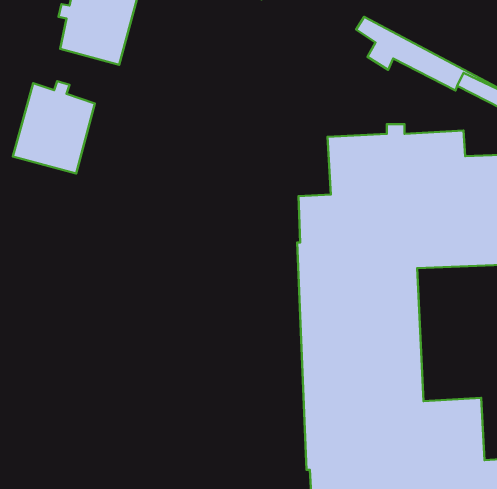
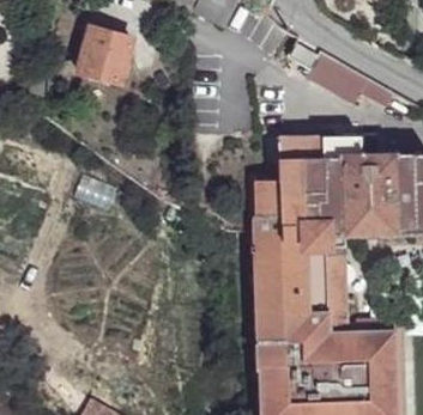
building: [13,81,95,173] -> none

